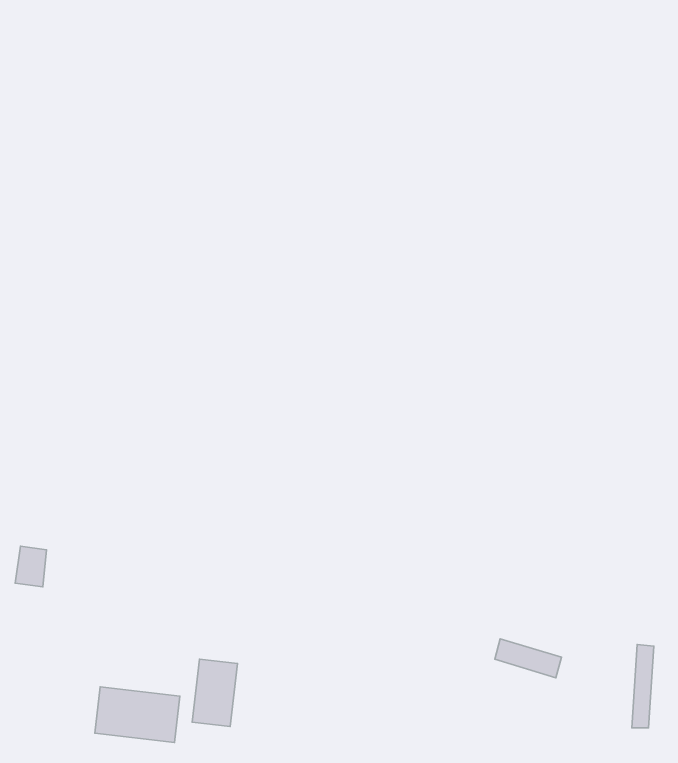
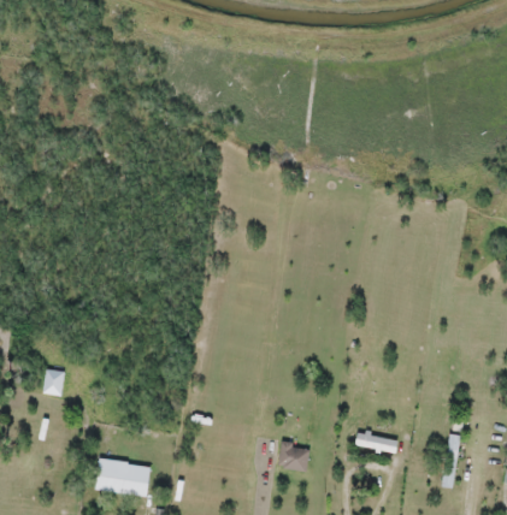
building: none -> [278,442,311,472]
building: [192,659,237,727] -> none

